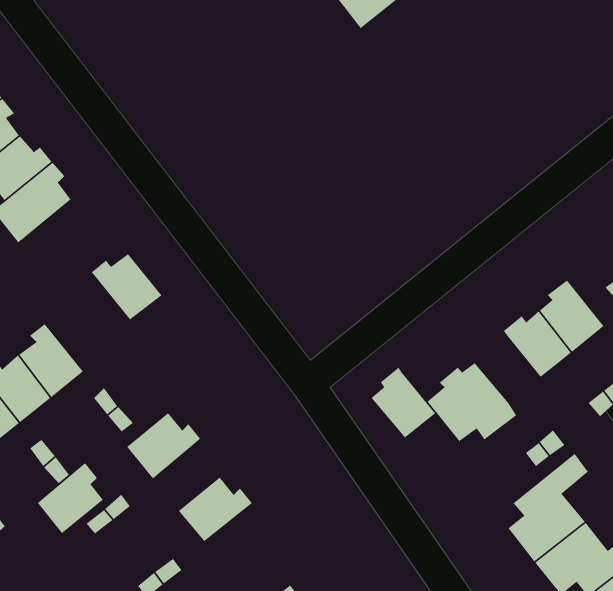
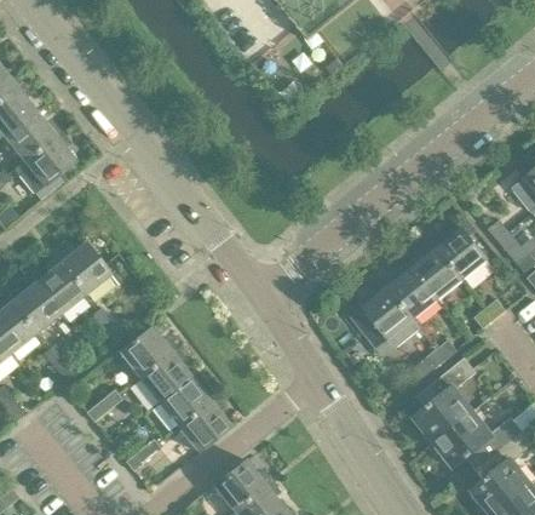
building: [91,253,163,321] -> [54,244,110,296]
building: [371,367,436,439] -> [387,264,438,320]
building: [37,462,104,534] -> [138,348,190,404]
building: none -> [178,397,230,453]

